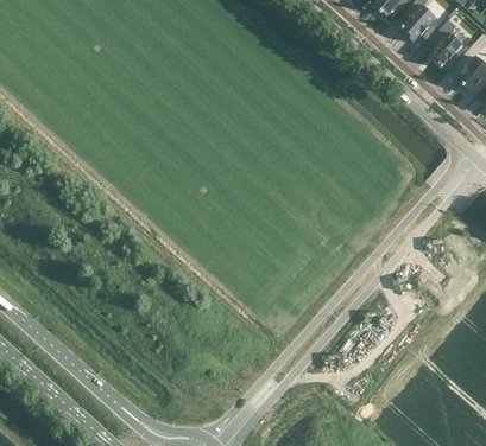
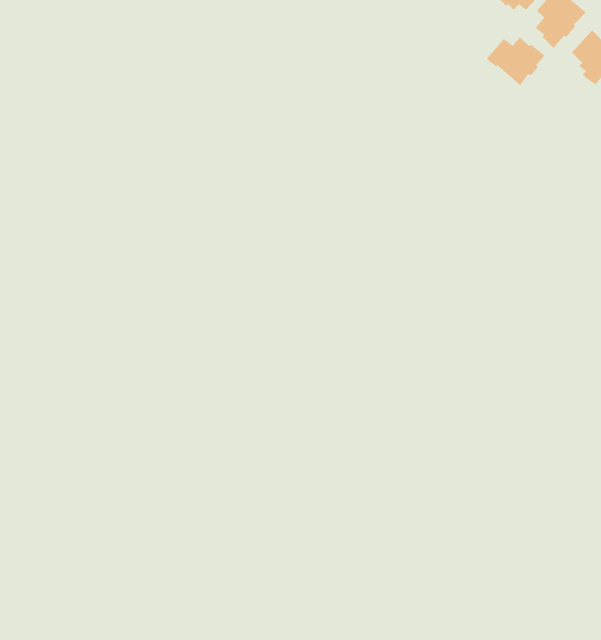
building: none -> [486,37,546,86]

